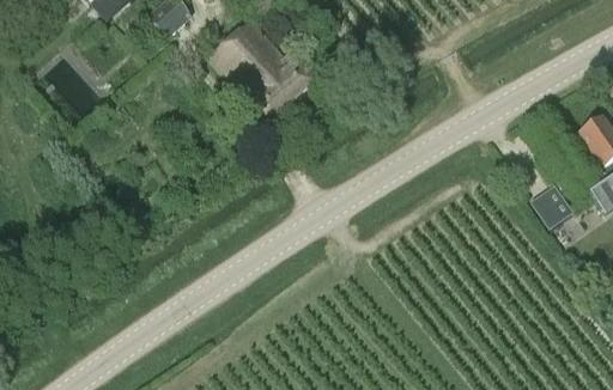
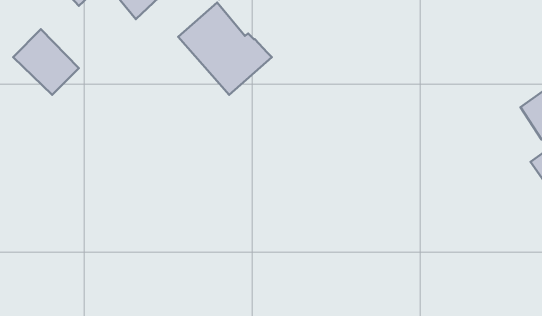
building: [533,184,572,225] -> none

